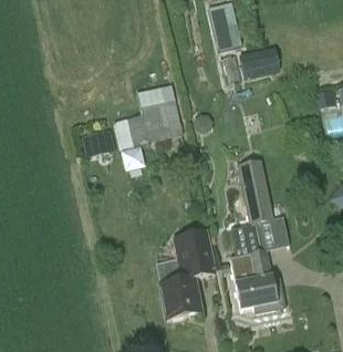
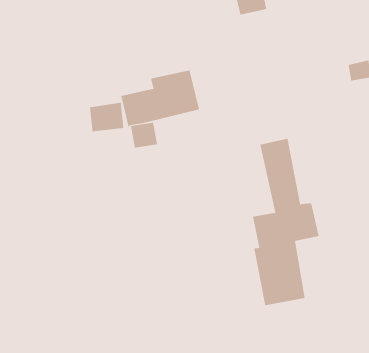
building: [239,46,280,77] -> none
building: [158,231,215,320] -> none

